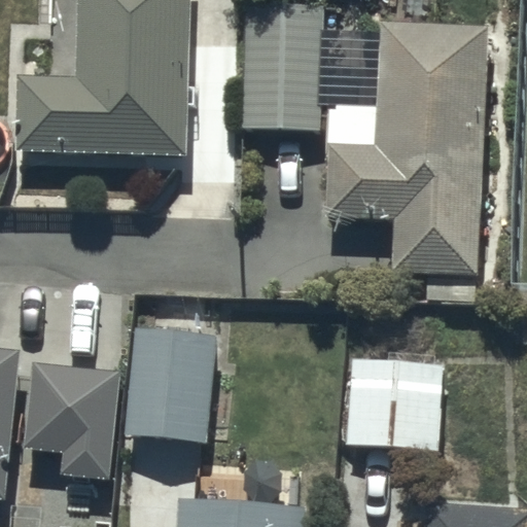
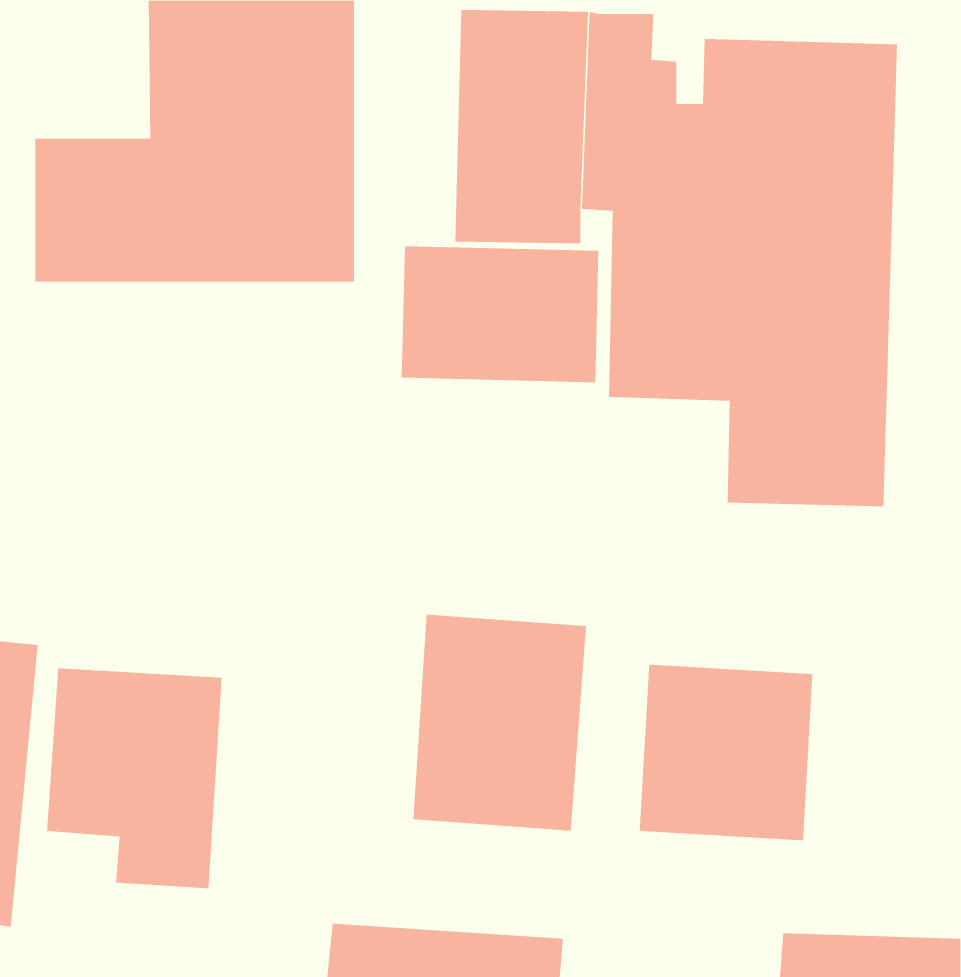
building: none -> [401,245,599,383]
building: [125,325,218,442] -> [412,614,587,831]

